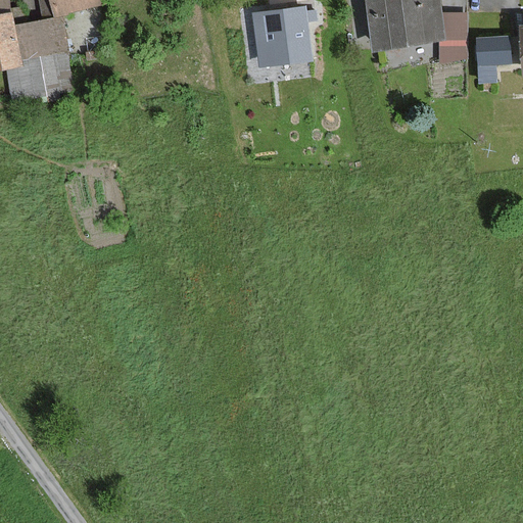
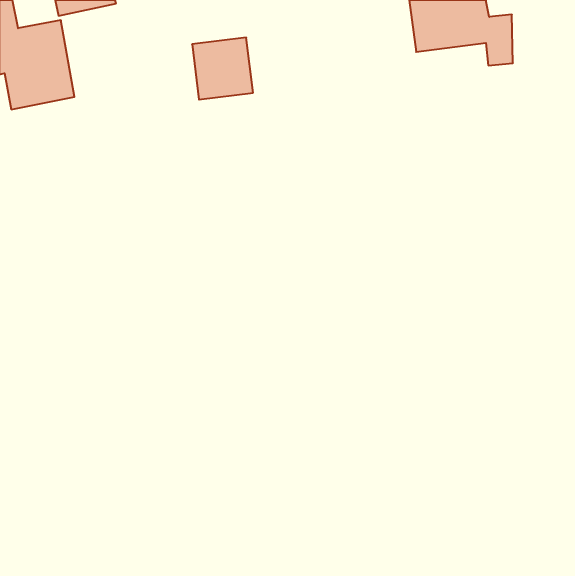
building: [254,8,310,64] -> [192,38,253,100]
building: [476,36,509,84] -> none

